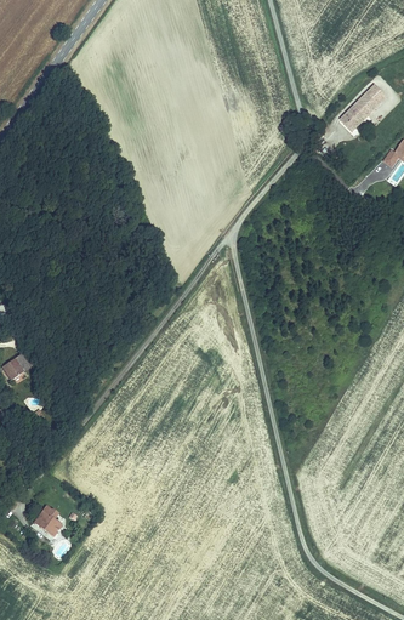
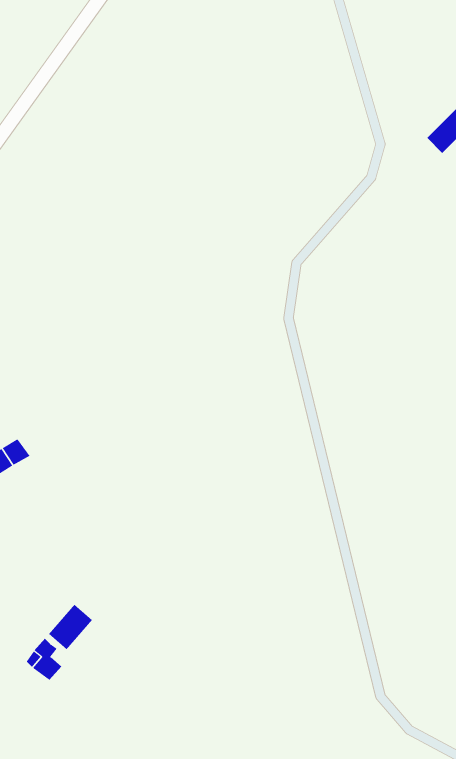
building: none -> [48,604,93,650]

